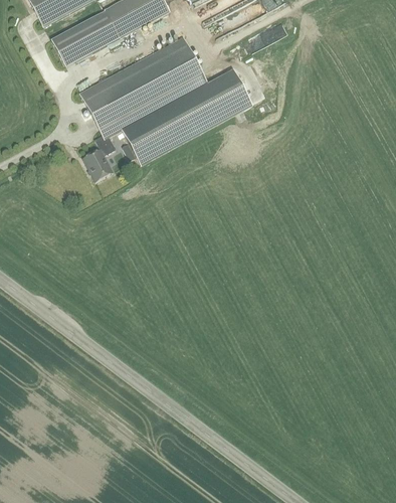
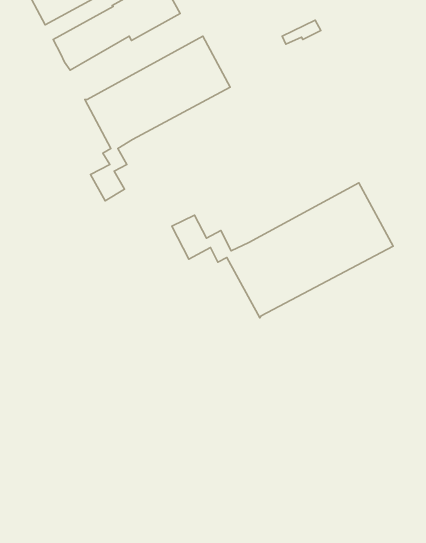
building: [122,66,254,166] -> none
building: none -> [172,183,393,318]

